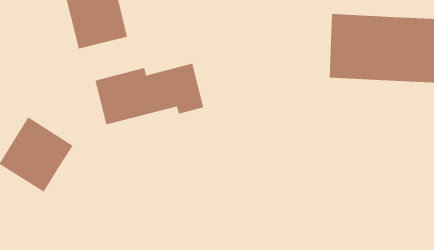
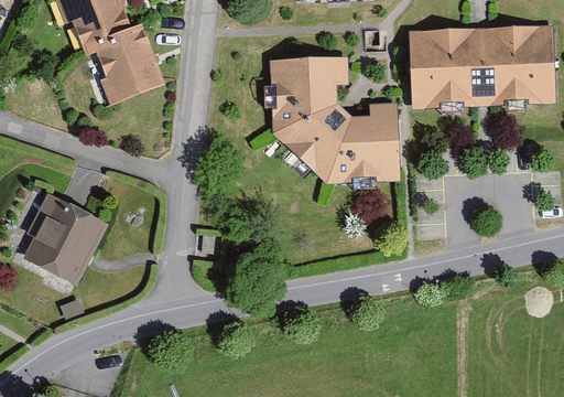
building: none -> [270,56,400,181]
building: [95,63,204,125] -> none

